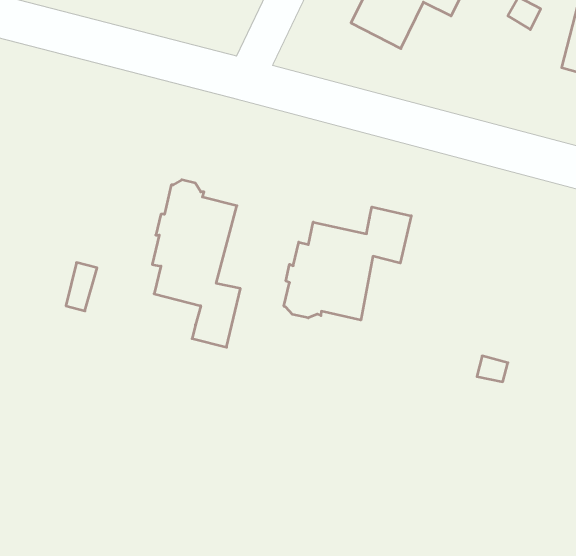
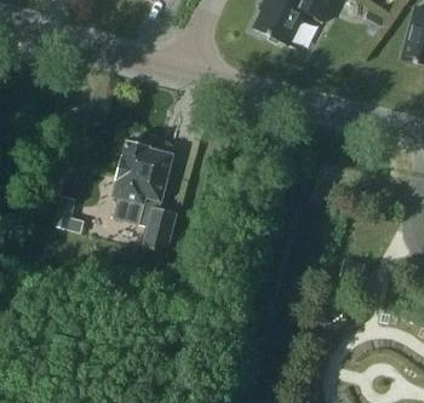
building: [284,207,411,320] -> none

